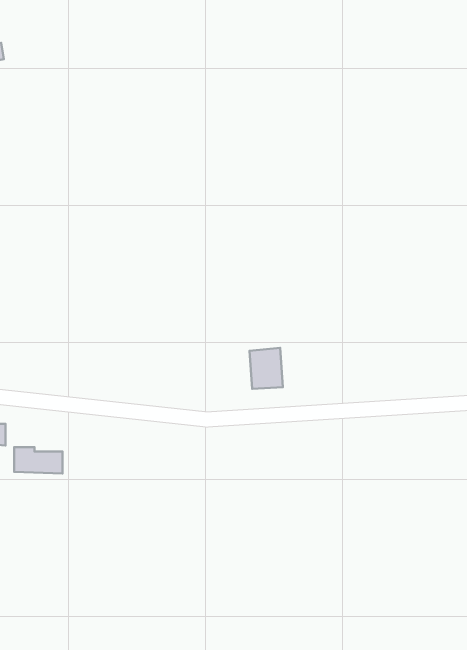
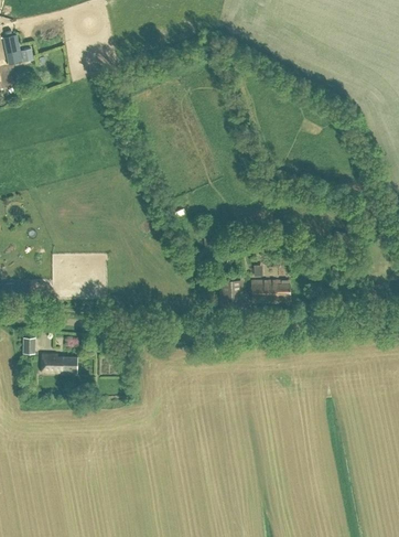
building: none -> [251,279,290,304]

